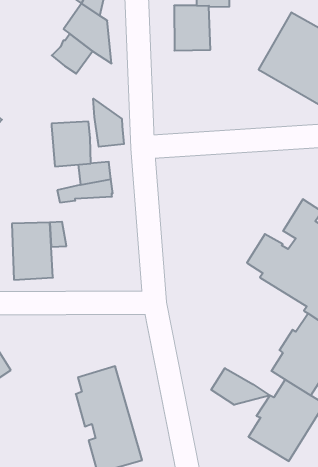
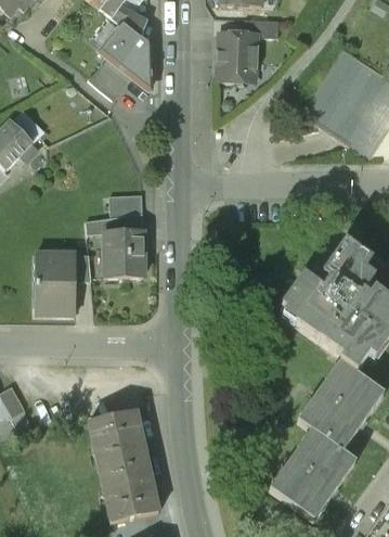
building: [93,99,124,147] -> none
building: [52,122,91,166] -> [103,231,143,277]
building: [211,368,270,405] -> none

